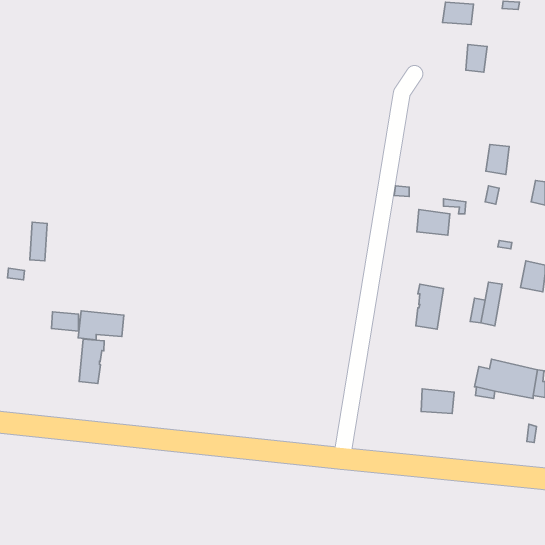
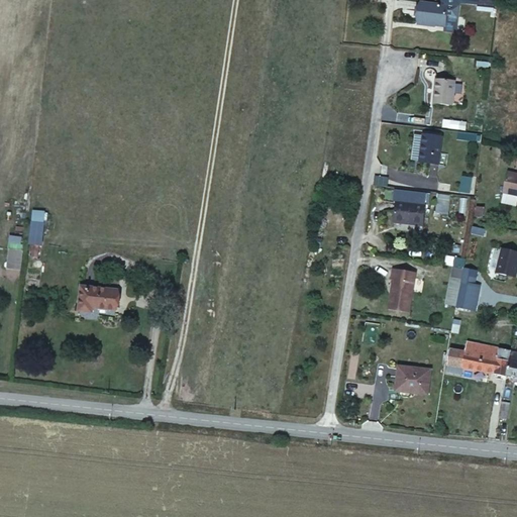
building: [466,44,487,72] -> [435,75,455,101]
building: [486,144,509,174] -> [417,133,439,162]
building: [51,312,79,331] -> none
building: [79,339,104,384] -> none

